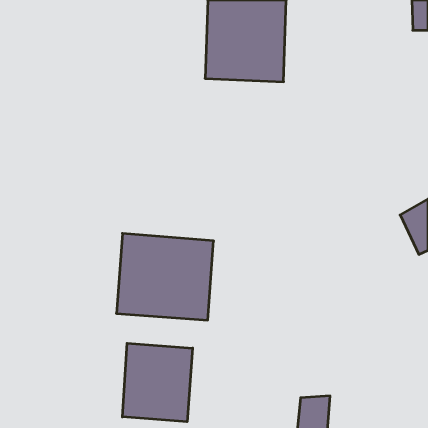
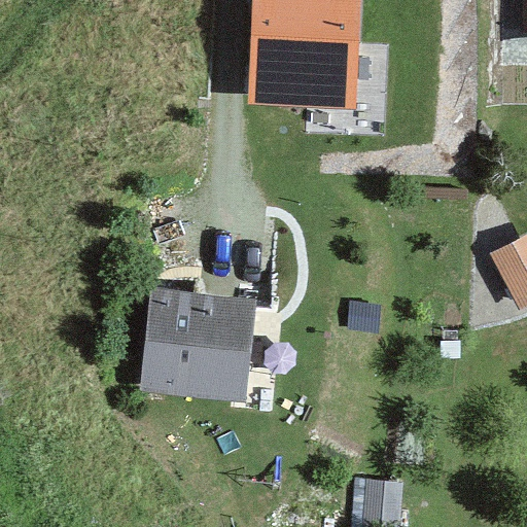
building: [122,343,193,422] -> none

